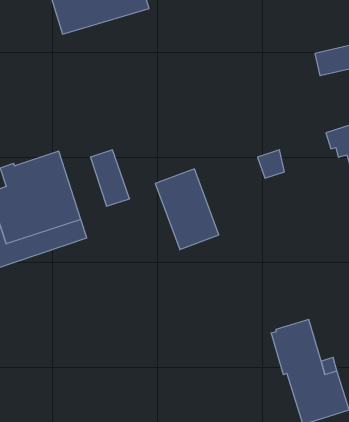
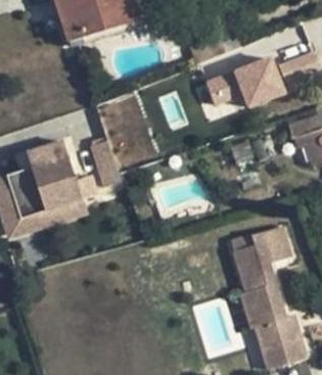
building: none -> [203,58,277,115]
building: [155,169,219,250] -> [100,92,153,159]
building: none -> [233,225,289,289]

